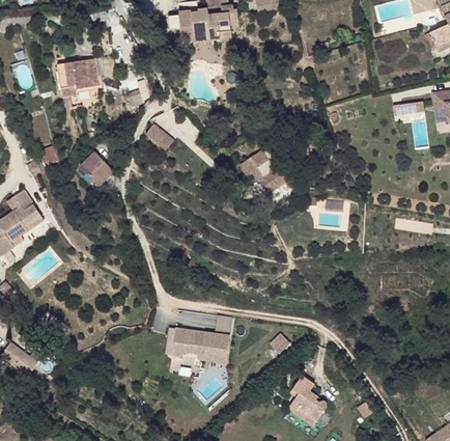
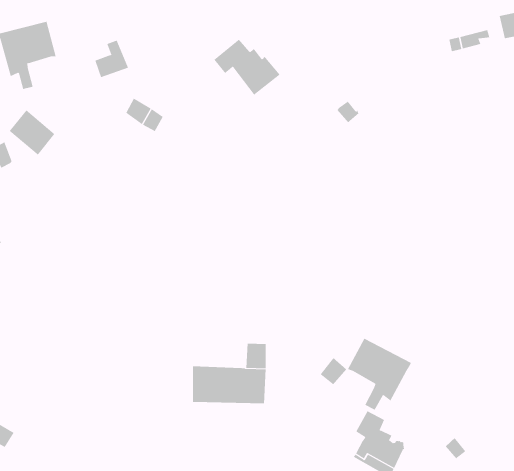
building: [241,149,289,193] -> [214,39,281,96]
building: [81,150,115,186] -> [9,110,55,156]
building: none -> [347,338,411,410]

